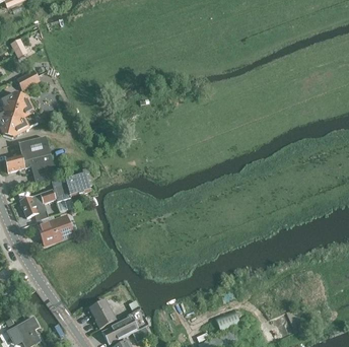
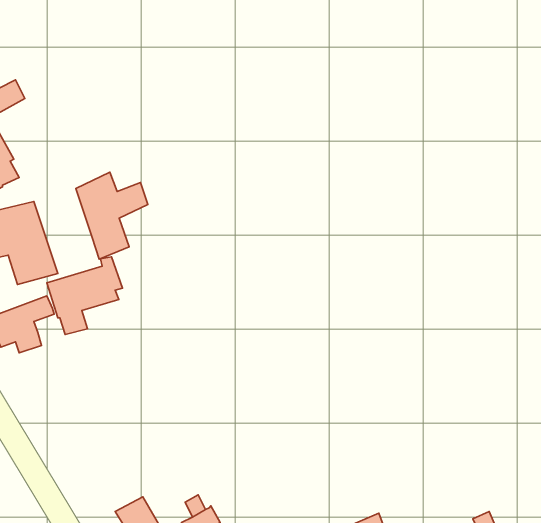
building: none -> [76,172,148,259]
building: [41,216,72,244] -> none

